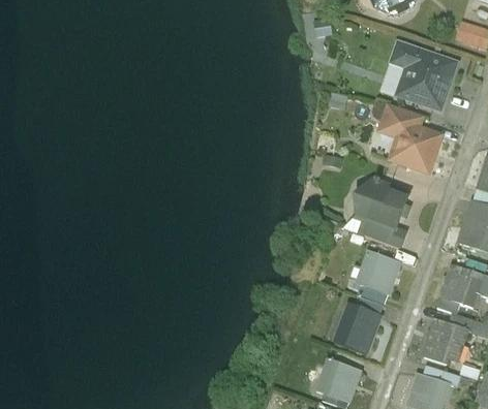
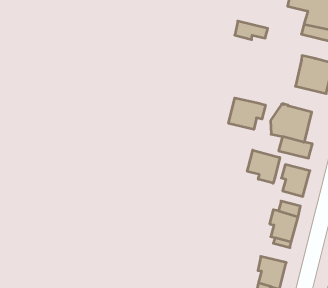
building: [382,105,422,129] -> [235,21,268,40]
building: none -> [229,98,265,129]
building: none -> [247,150,280,183]

